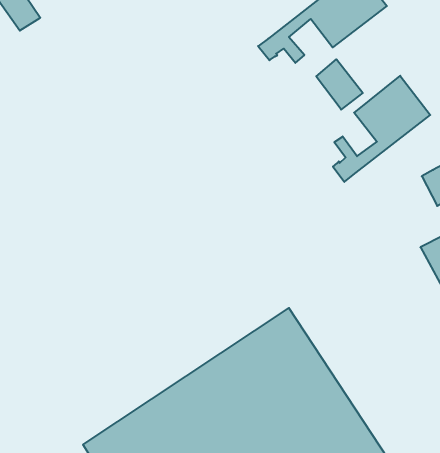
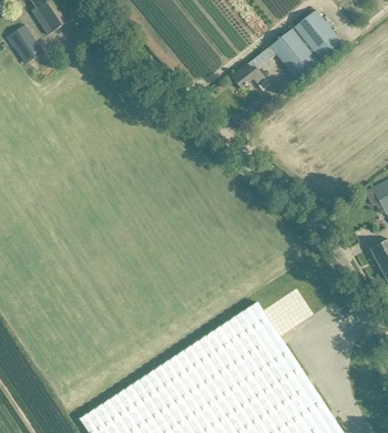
building: [316,59,363,110] -> none
building: [333,76,430,182] -> none

